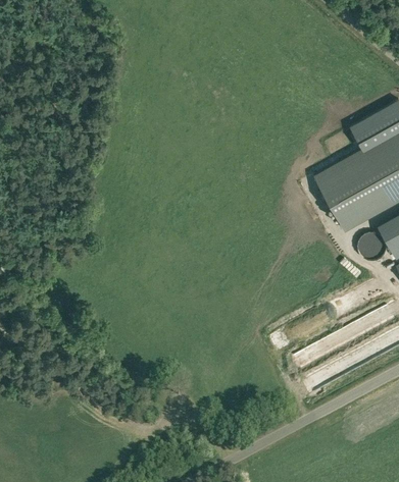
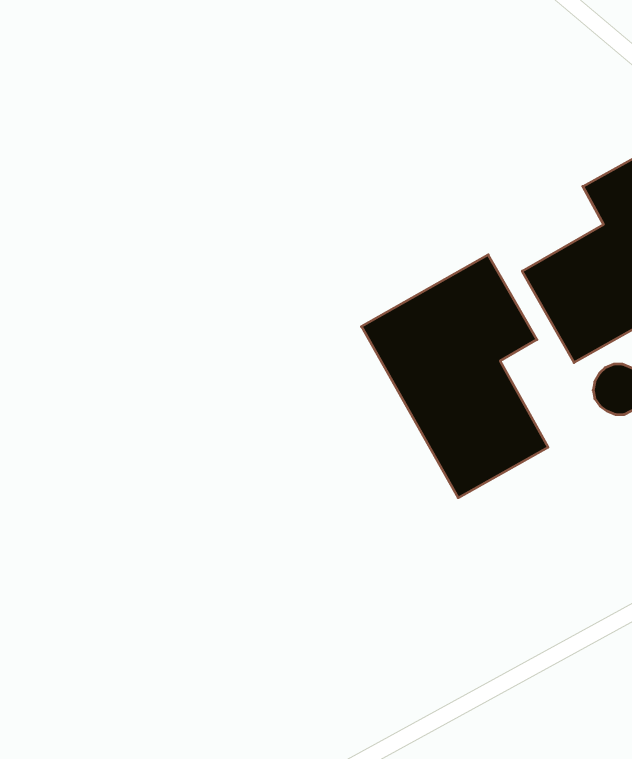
building: none -> [361,255,548,498]

